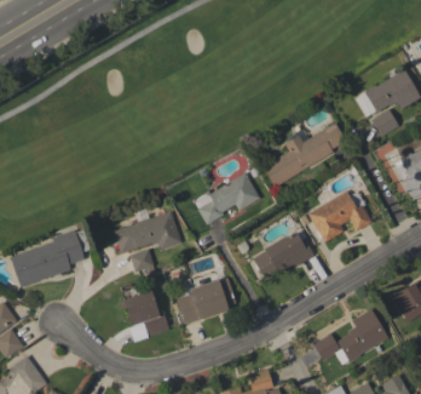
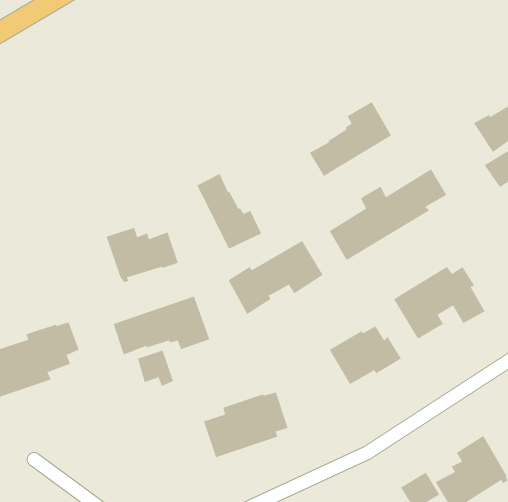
building: none -> [309,101,392,177]
building: none -> [197,173,262,250]
building: none -> [106,227,178,283]
building: [122,285,168,335] -> none

